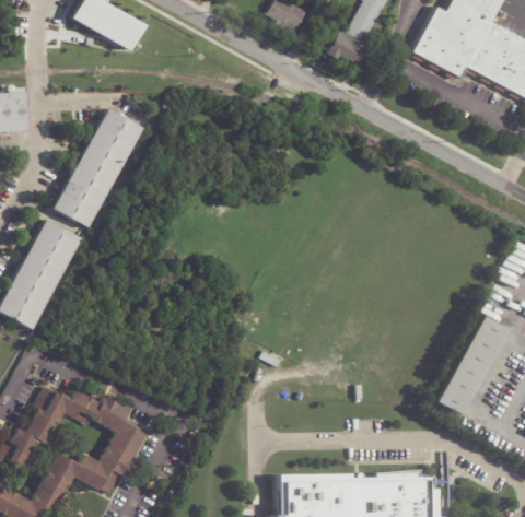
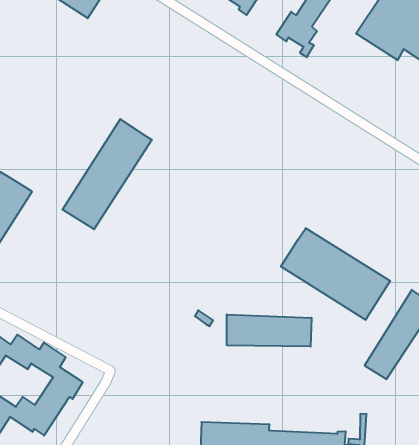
building: [51,108,141,226] -> [62,119,152,229]
building: none -> [281,228,390,320]
building: none -> [227,314,312,347]

